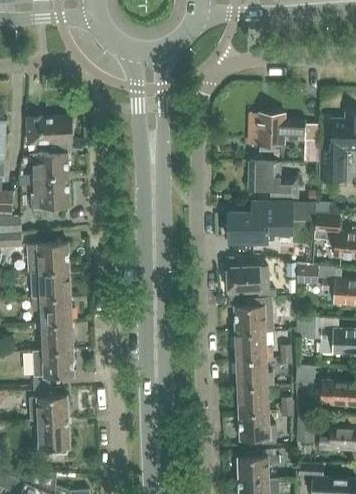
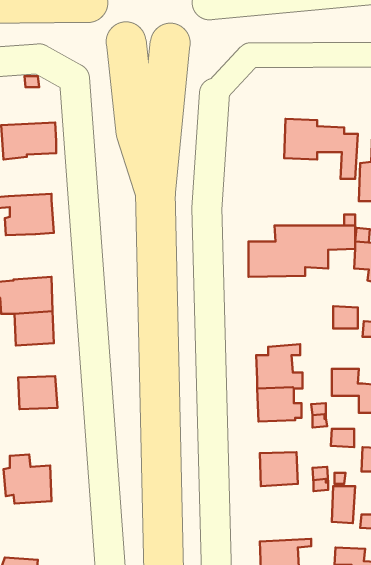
building: [32,141,72,176] -> none
building: [248,161,297,198] -> none
building: [226,267,270,306] -> none
building: [30,296,70,324] -> none
building: [32,349,73,388] -> none
building: [236,359,273,386] -> none
building: [238,411,275,440] -> none
building: [37,425,69,455] -> none

